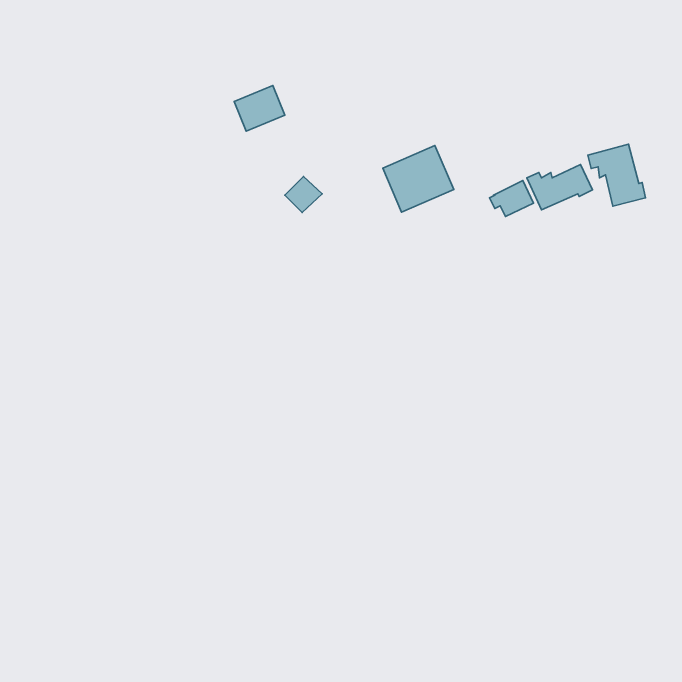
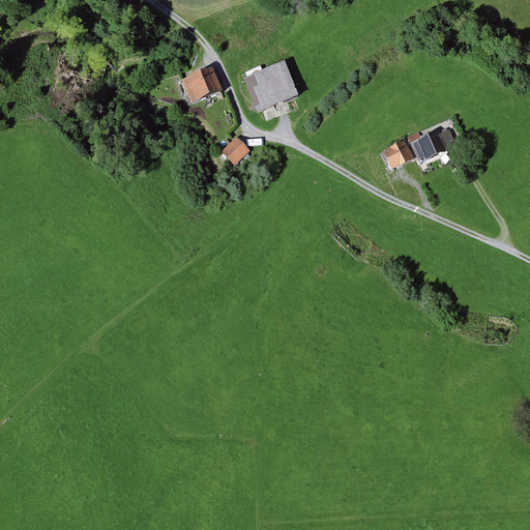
building: [588,144,645,206] -> none
building: [383,145,454,212] -> [242,59,297,111]

